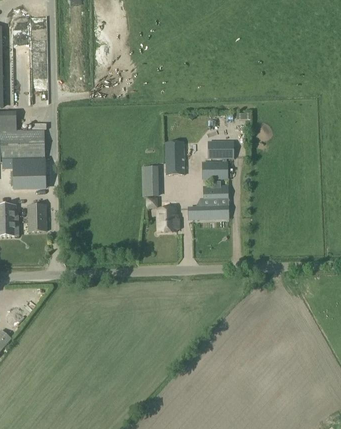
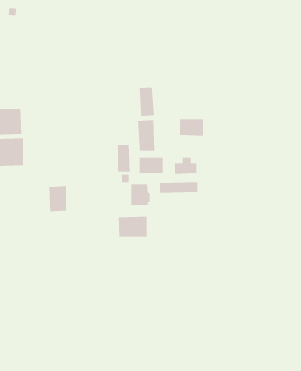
building: none -> [139,87,155,117]
building: [202,160,228,177] -> [139,157,164,173]
building: [27,203,46,230] -> [49,186,67,212]
building: none -> [118,216,147,237]

